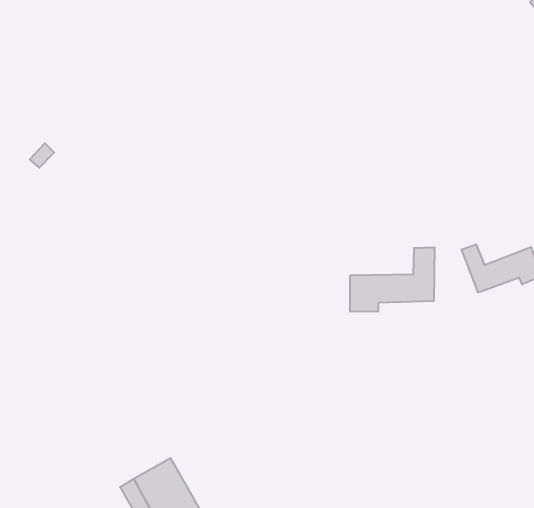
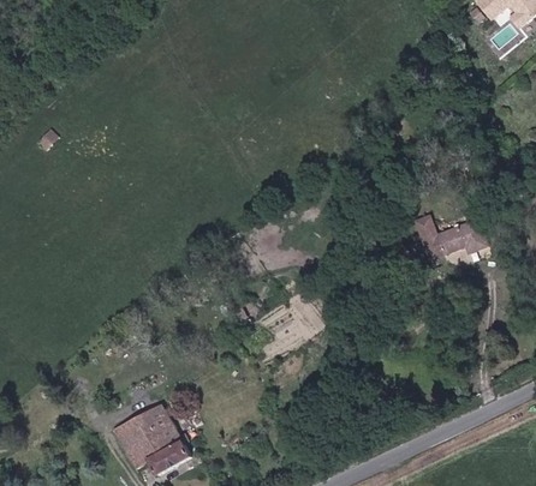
building: [350,247,434,312] -> none

